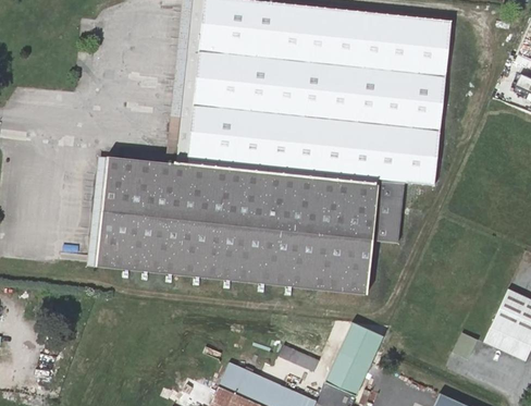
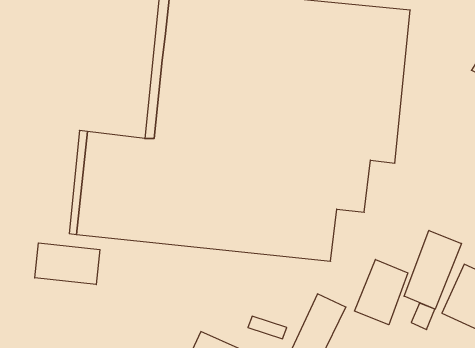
building: none -> [404,230,461,309]
building: none -> [35,243,100,285]
building: none -> [355,259,408,325]

